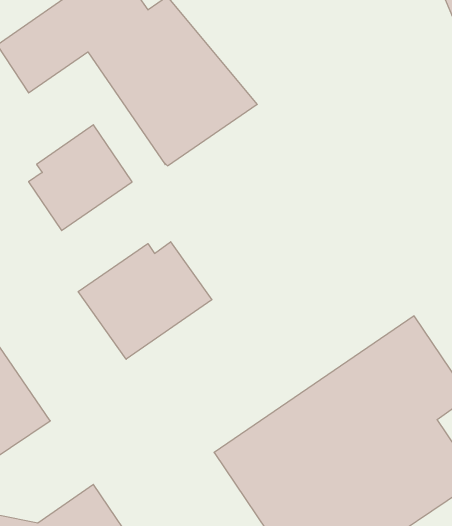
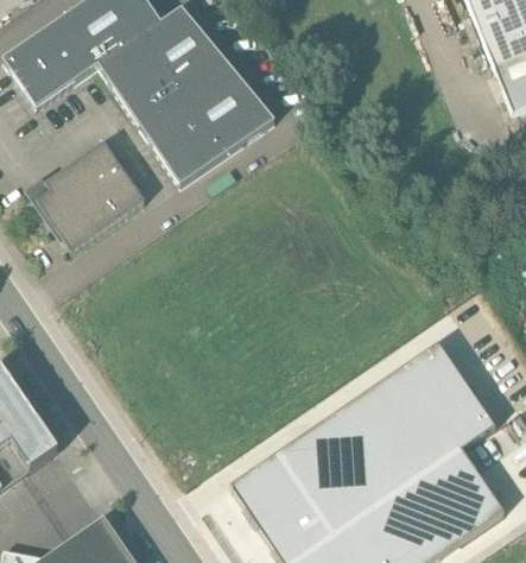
building: [78,242,212,359] -> none

